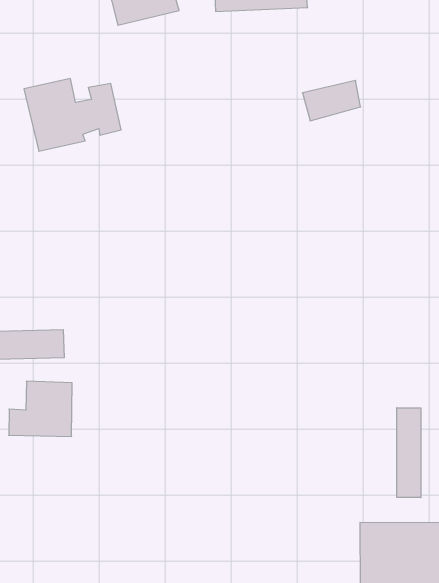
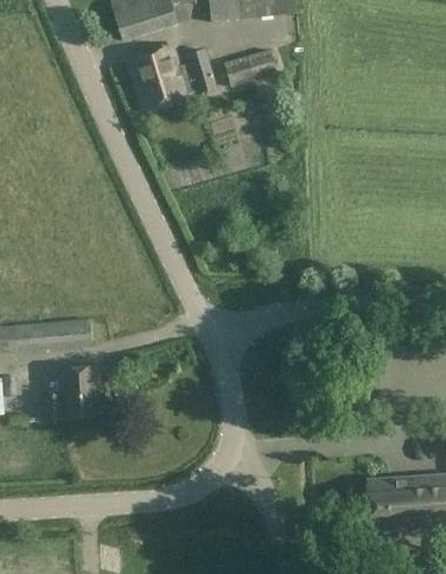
building: [24,79,121,151] -> [129,45,219,113]
building: [302,80,361,121] -> [223,49,276,88]
building: [397,408,421,498] -> none

